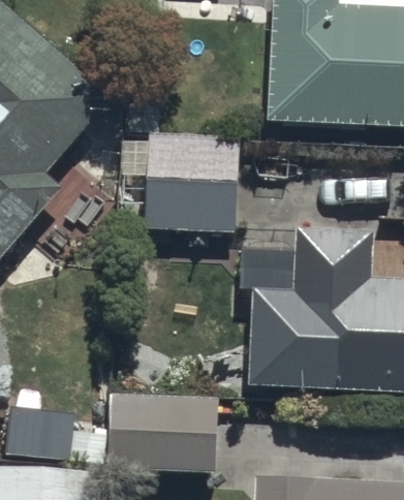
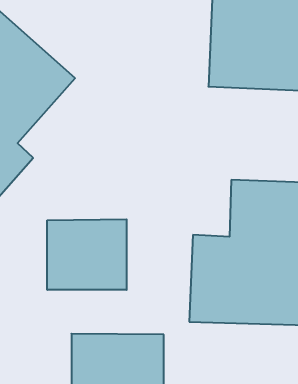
building: [151,133,235,223] -> none
building: none -> [47,219,127,290]

